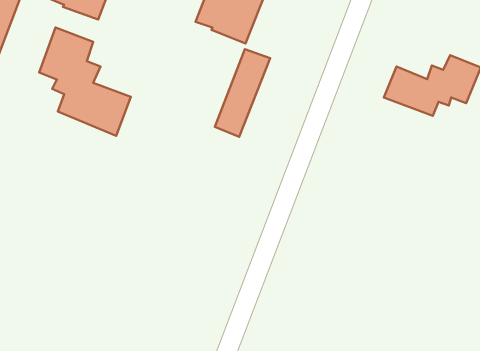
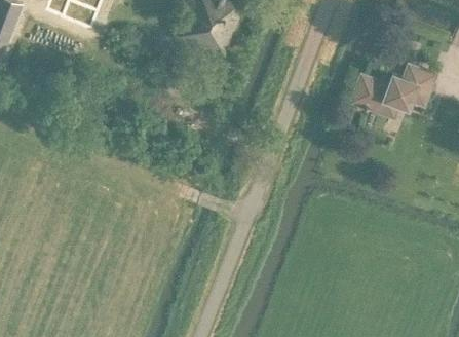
building: [39,27,131,136] -> none
building: [215,49,270,137] -> none

